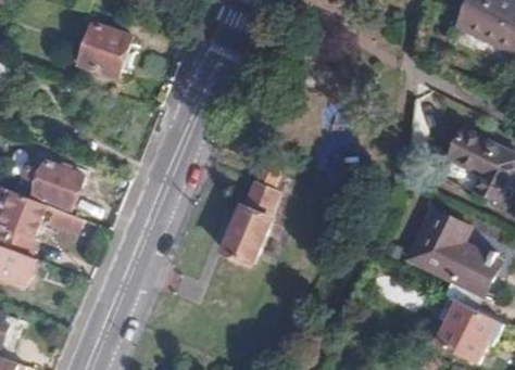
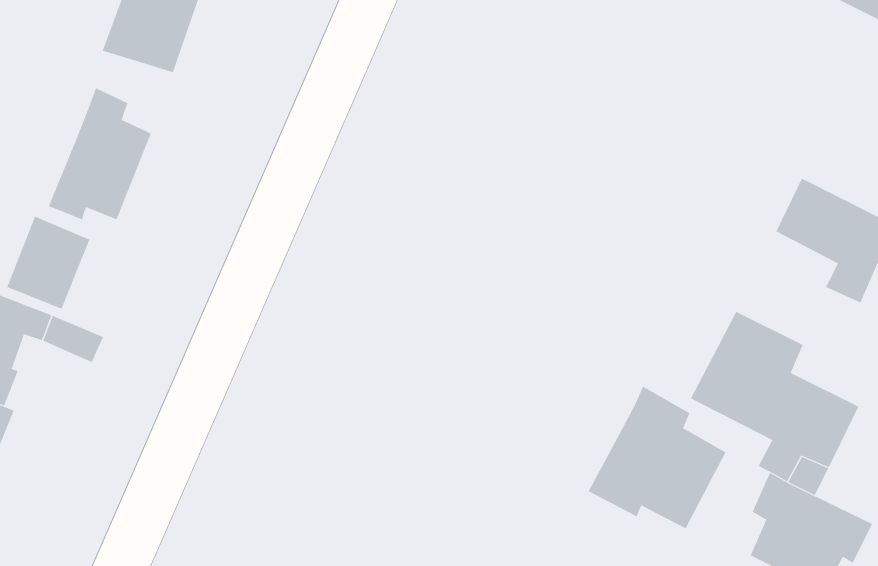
building: none -> [48,88,151,220]
building: [222,164,284,264] -> none
building: none -> [588,386,726,529]

